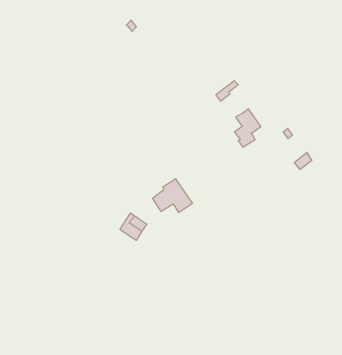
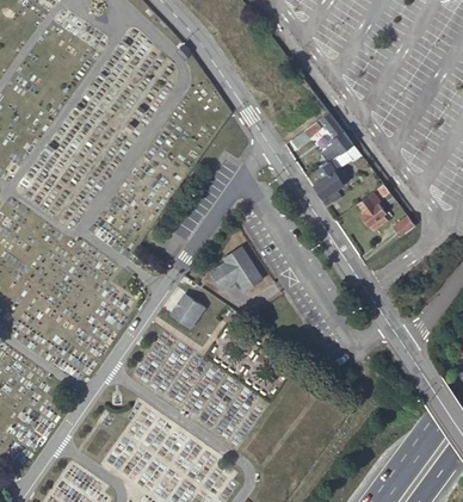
building: none -> [320,112,353,162]
building: none -> [357,192,387,230]

